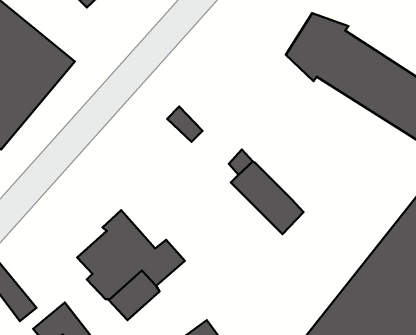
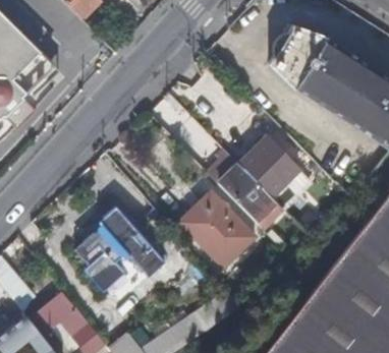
building: none -> [238,136,299,196]
building: none -> [177,191,254,268]

